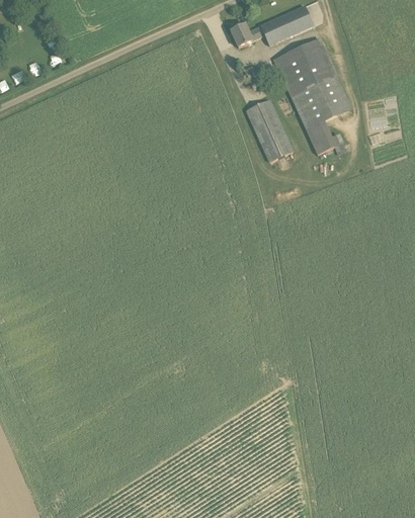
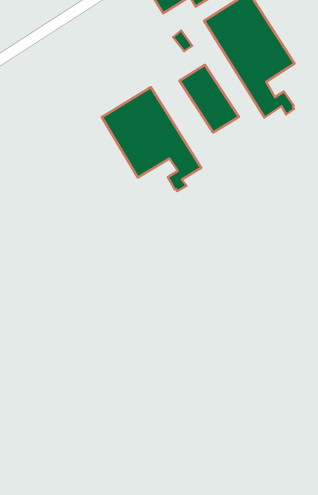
building: none -> [102,87,201,191]

